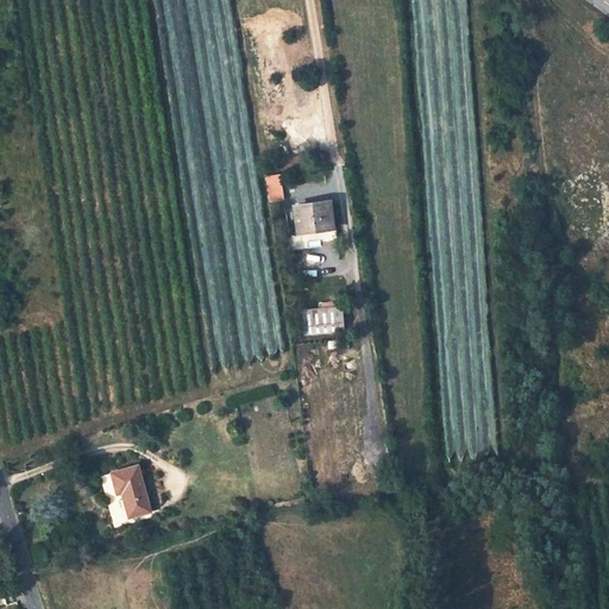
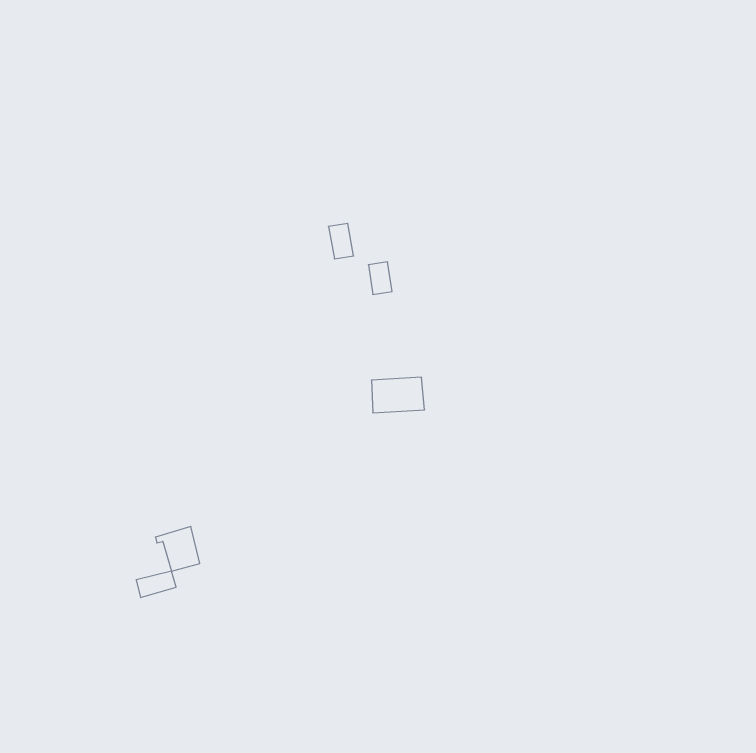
building: [312,208,333,244] -> none
building: [113,472,149,508] -> [155,527,200,571]

